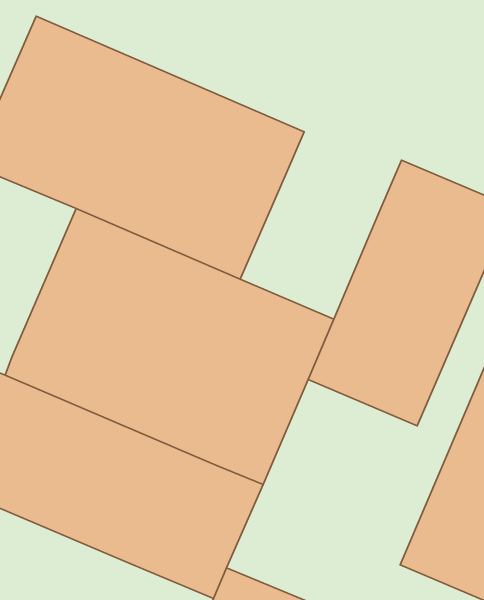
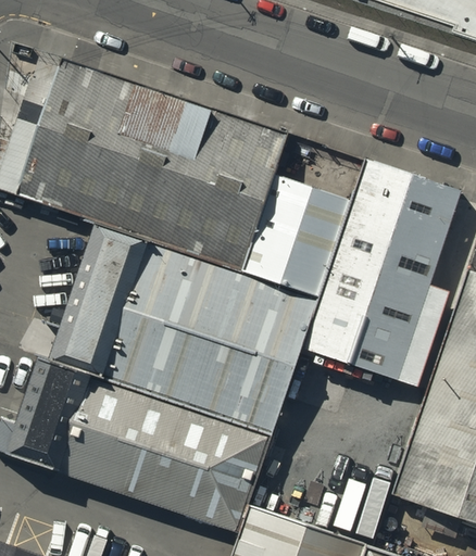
building: none -> [243,178,353,295]

